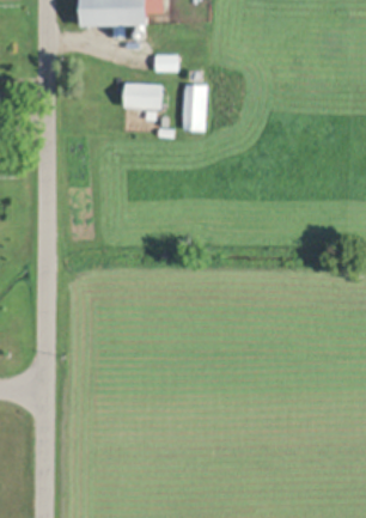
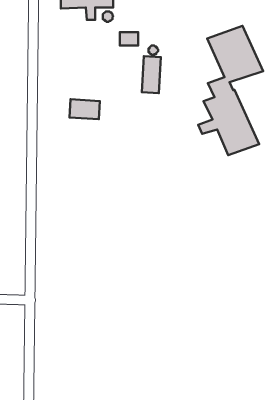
building: none -> [198,26,263,155]
building: [122,83,160,108] -> [69,99,100,119]

